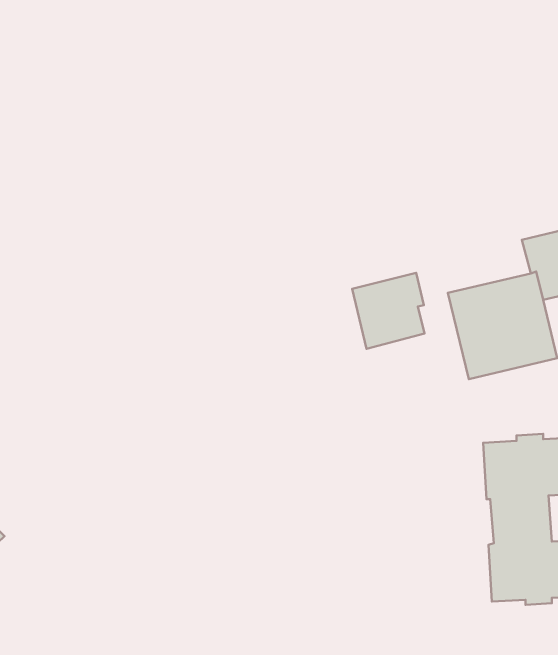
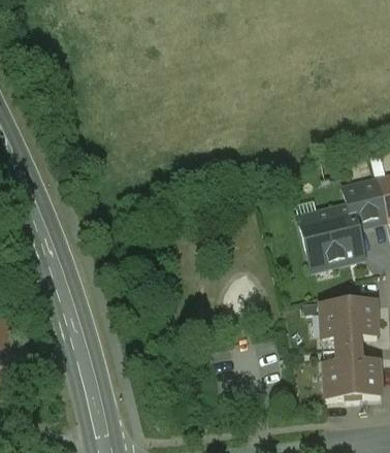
building: [352,273,425,349] -> none

